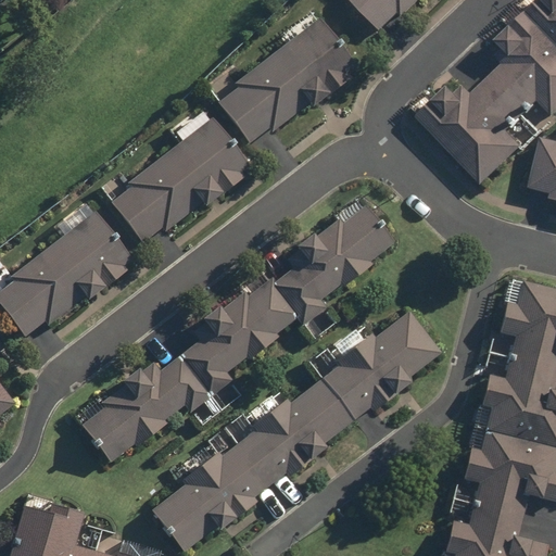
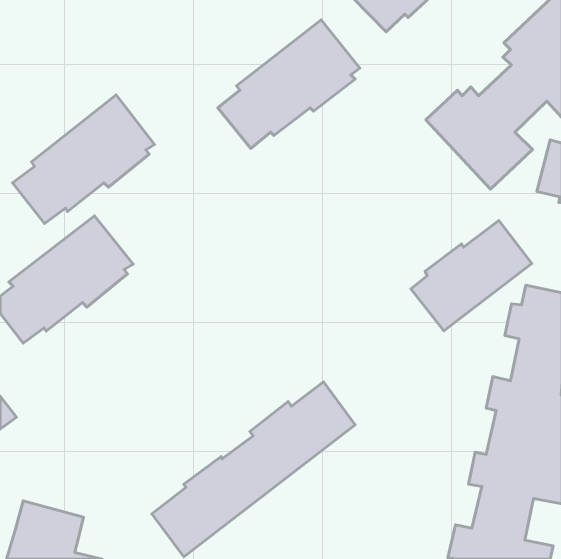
building: [109,118,249,245] -> [13,95,155,224]
building: [80,204,393,460] -> none
building: [321,309,441,418] -> [411,221,532,331]

